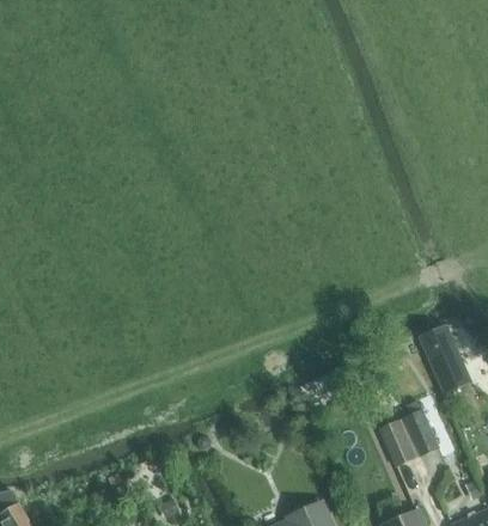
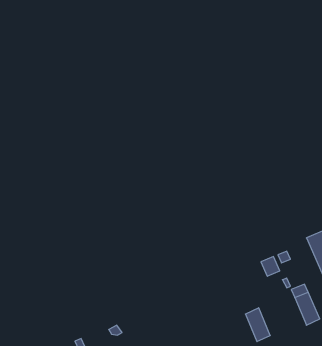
building: [380,422,414,467] -> [245,308,270,342]

